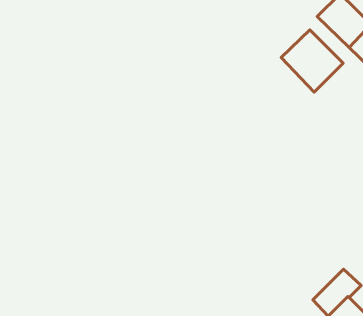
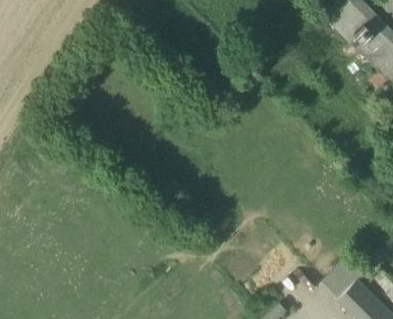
building: [281,30,343,92] -> none

